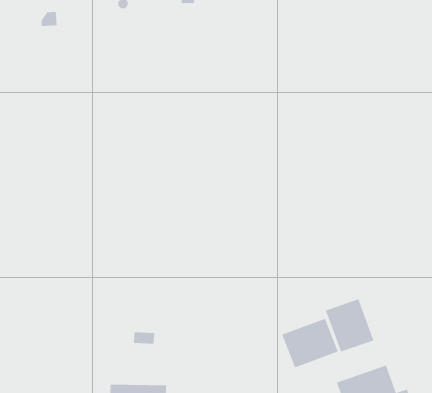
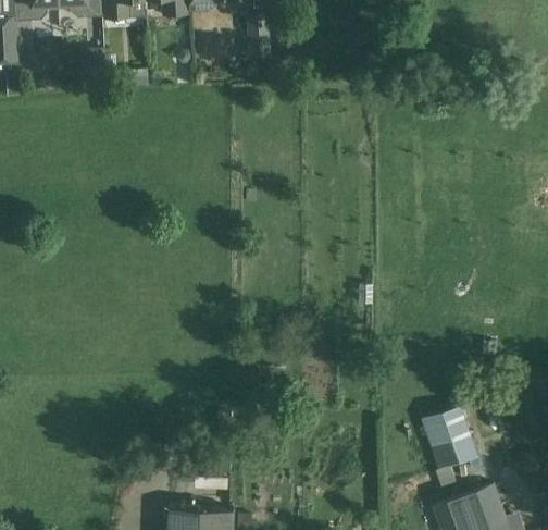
building: [281,318,339,368] -> none

